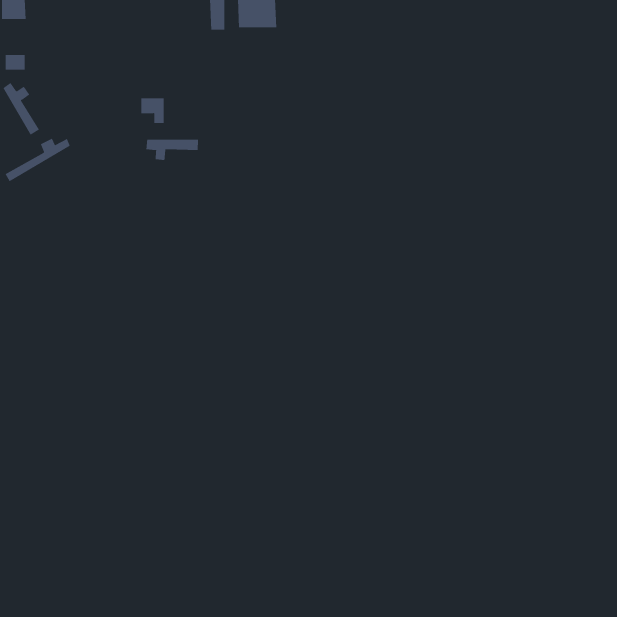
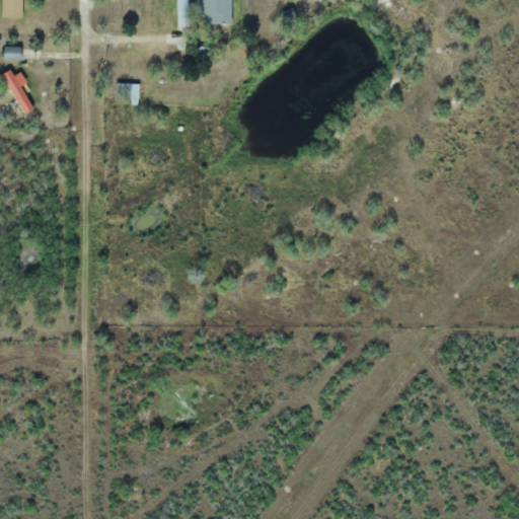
building: [5,138,71,182] -> none
building: [146,139,198,161] -> none

